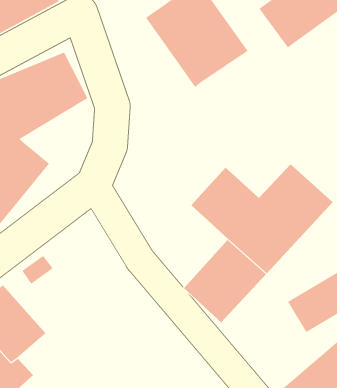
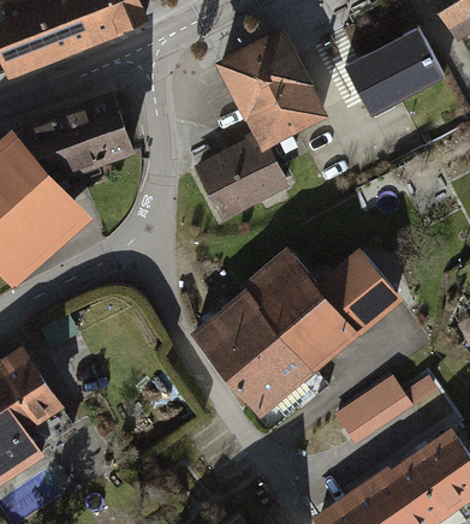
building: none -> [191,133,288,219]
building: none -> [184,282,279,375]

